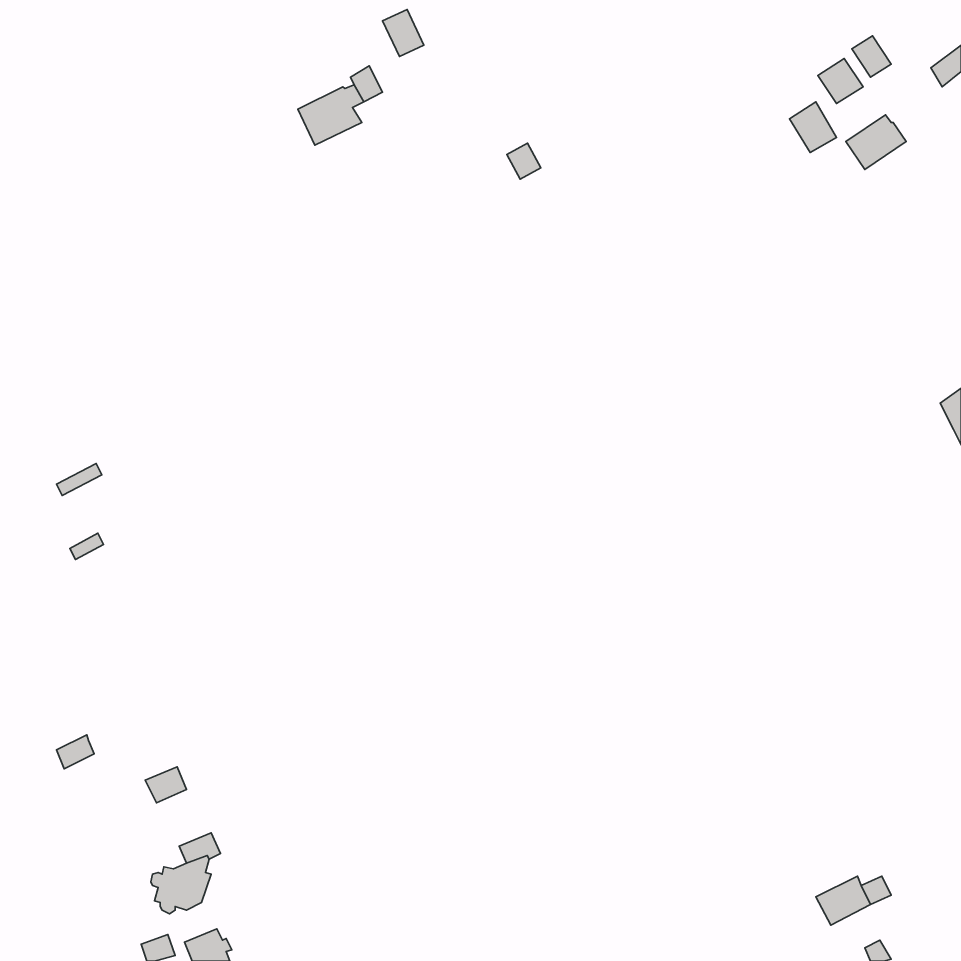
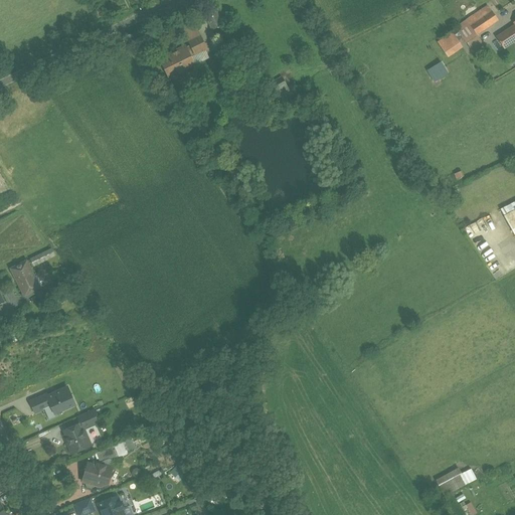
building: [846,115,906,170] -> [466,5,498,34]
building: none -> [11,261,39,294]
building: none -> [47,387,73,411]
building: none -> [64,422,91,452]

